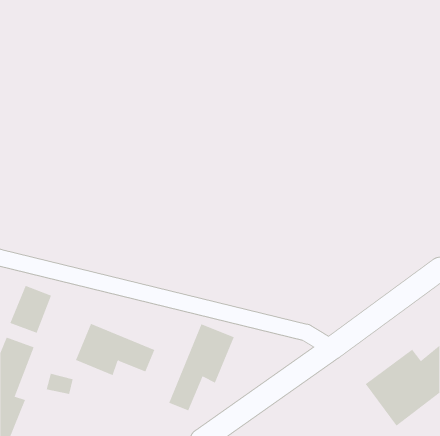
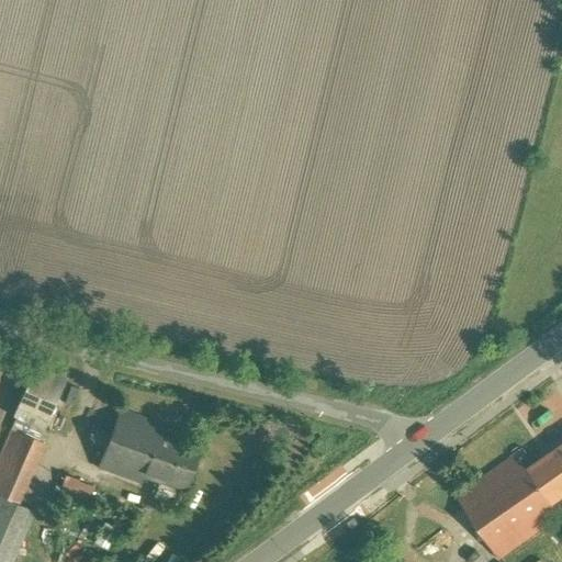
building: [168,324,234,411] -> none

